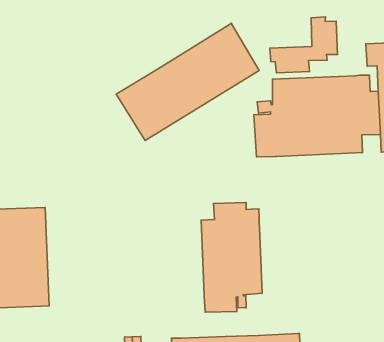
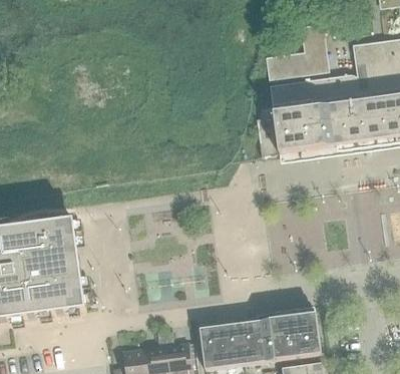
building: [116,23,259,141] -> none
building: [201,203,262,312] -> none

